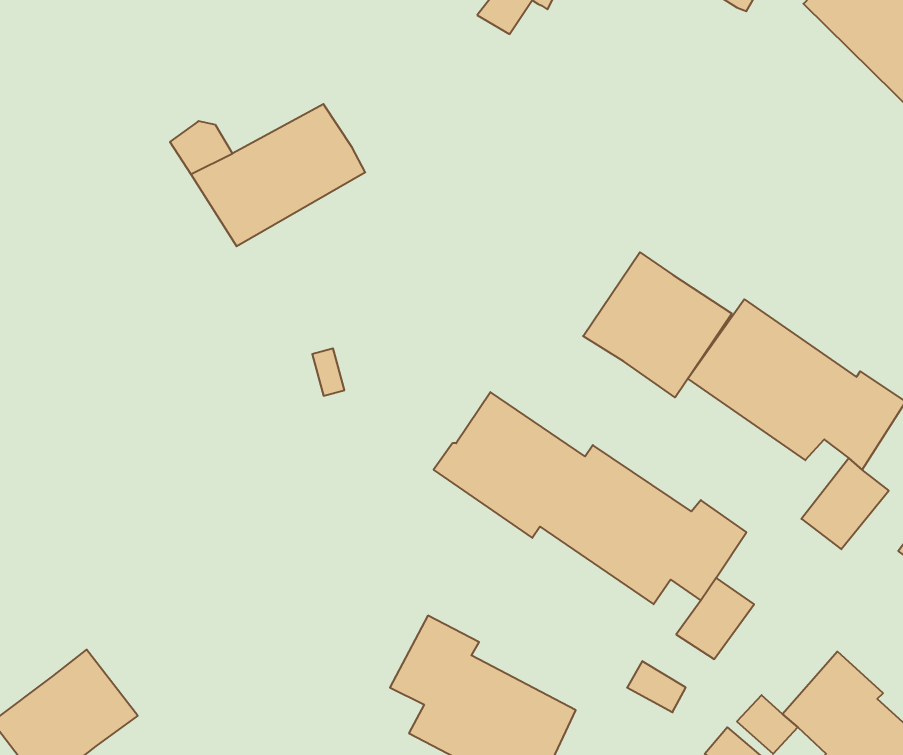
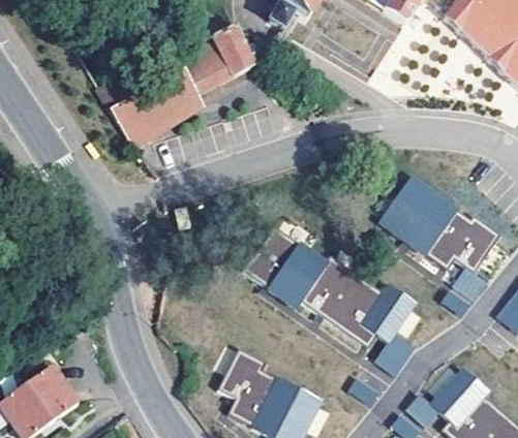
building: none -> [178,27,262,94]
building: [583,252,732,397] -> none

